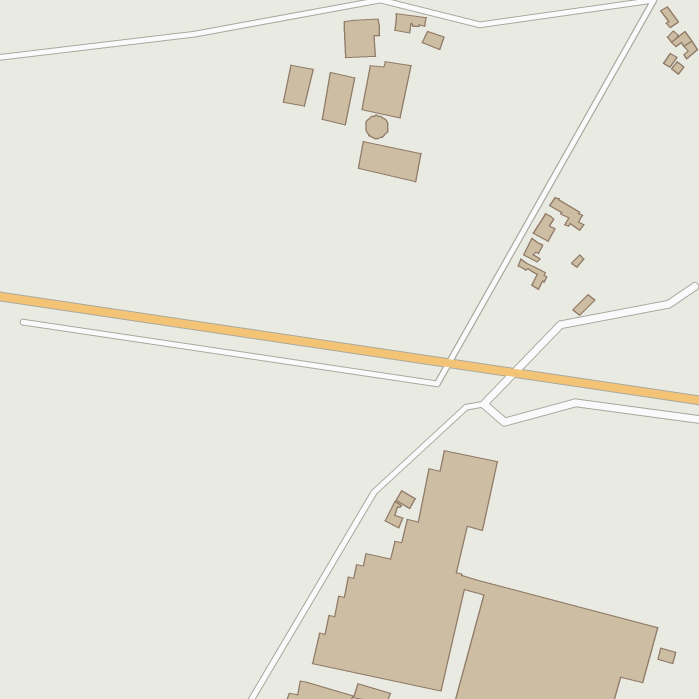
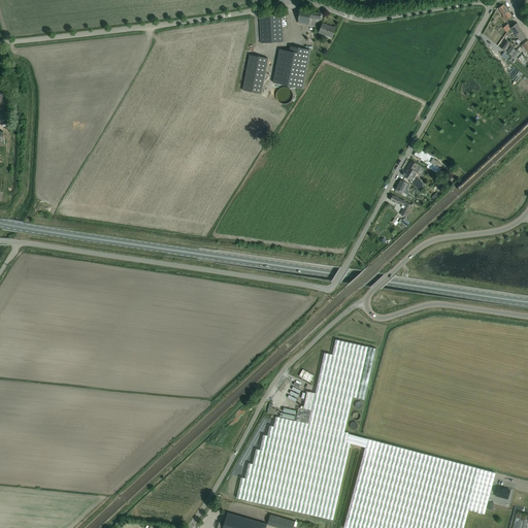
building: [283,65,313,106] -> none
building: [359,141,421,182] -> none

